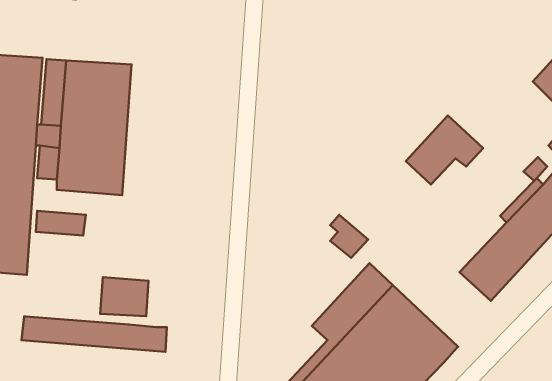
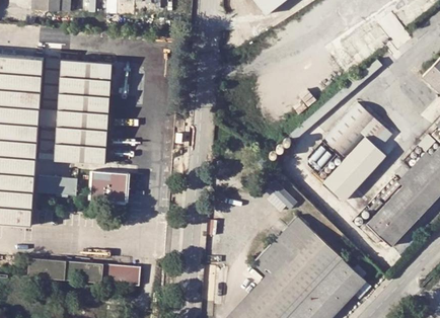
building: none -> [321,136,386,203]
building: [100,277,149,316] -> [90,171,128,202]

